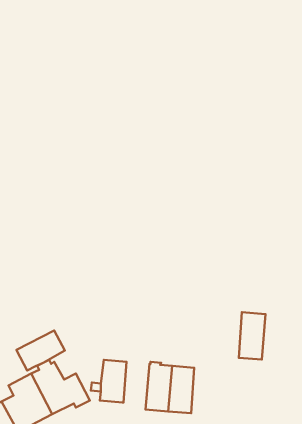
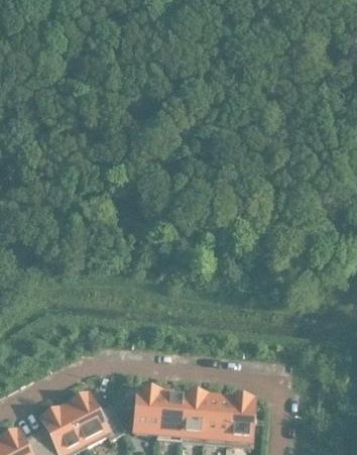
building: [239,312,266,360] -> [228,396,255,445]
building: [16,331,65,371] -> none
building: none -> [157,390,186,439]

